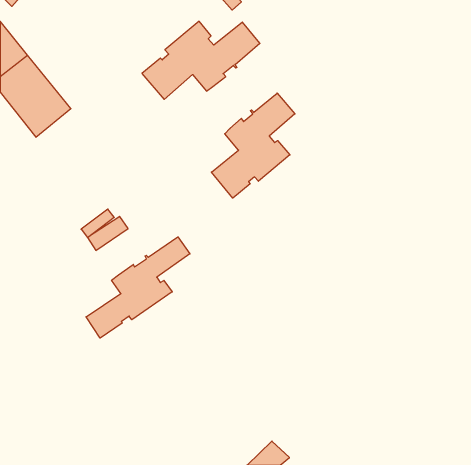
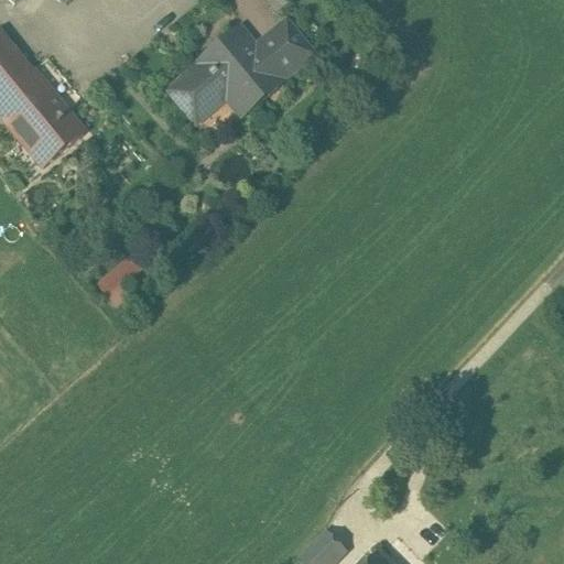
building: [211,93,295,198] -> none
building: [86,237,190,338] -> none

